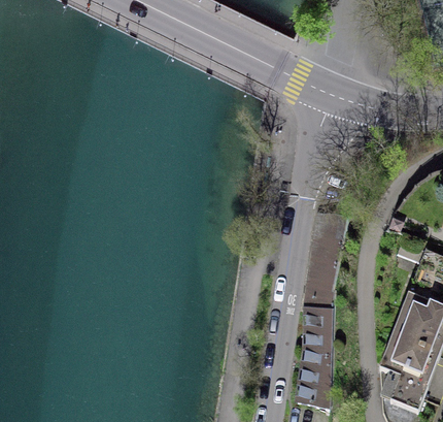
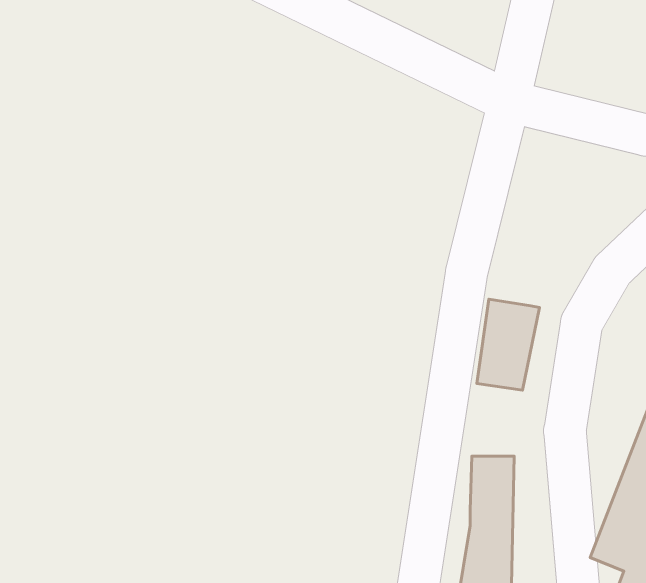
building: [302,264,337,309] -> none

